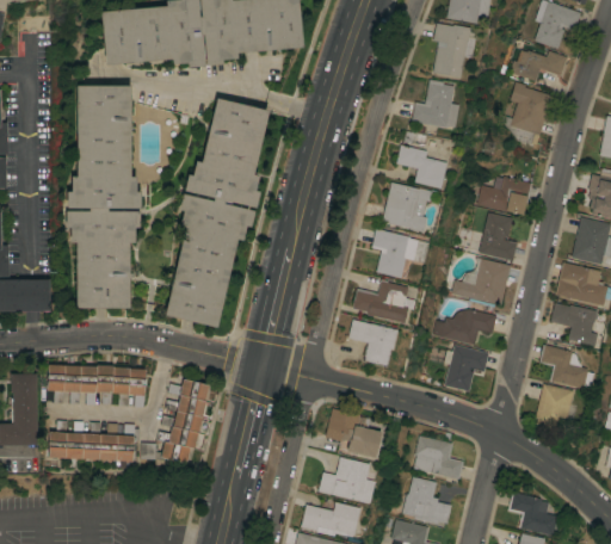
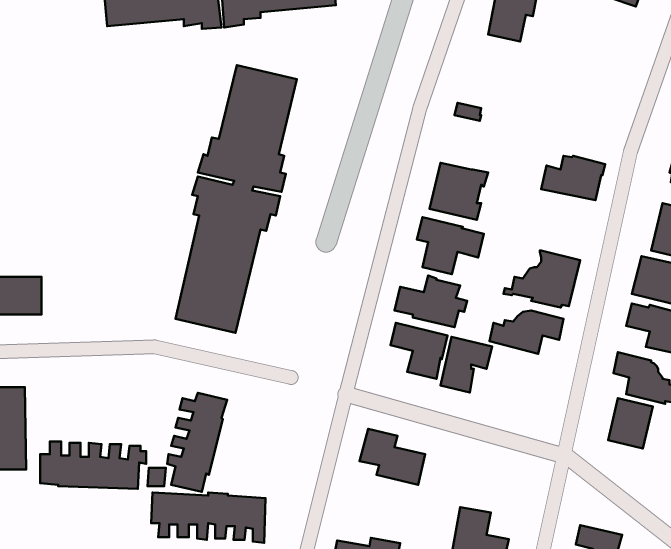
building: [511,50,568,81] -> none
building: [413,80,459,128] -> none
building: [502,82,553,146] -> none
building: [68,86,141,309] -> none
building: [397,144,448,188] -> none
building: [481,212,519,261] -> none
building: [446,345,490,392] -> [440,337,492,393]
building: [49,365,147,408] -> [151,493,265,543]
building: [411,437,462,481] -> none
building: [316,457,374,505] -> none

